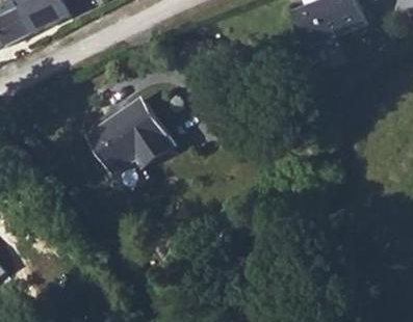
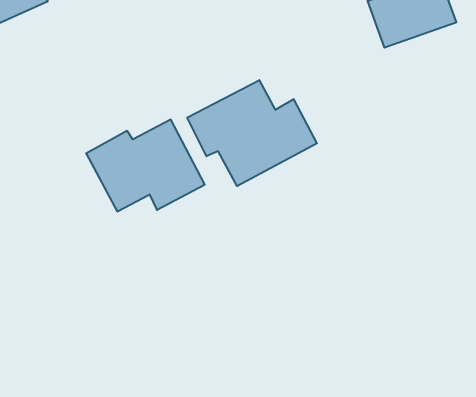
building: none -> [187,80,317,186]

